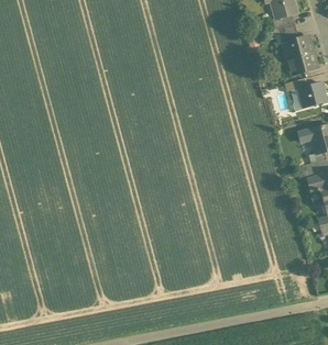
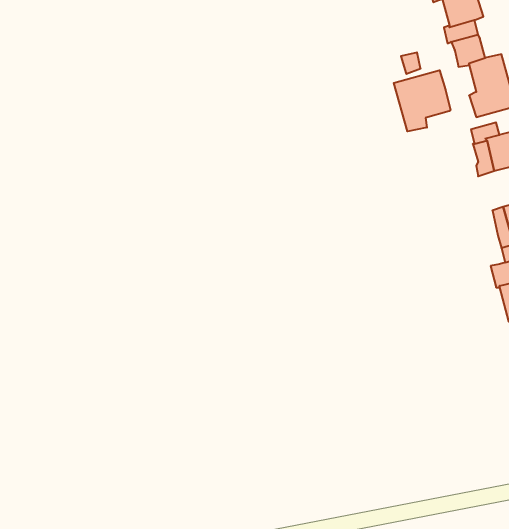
building: none -> [394,70,450,131]

